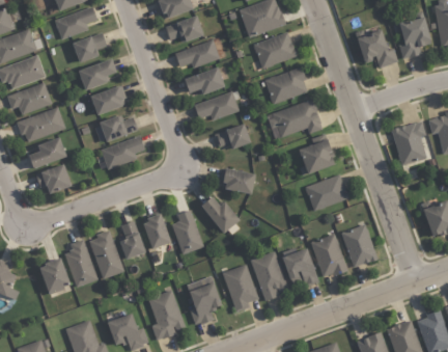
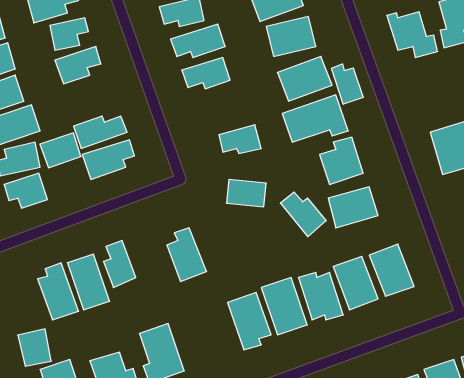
building: none -> [331,64,363,104]
building: [90,85,124,114] -> [40,133,81,168]
building: [194,91,239,120] -> none
building: [201,196,240,234] -> [280,192,326,237]
building: [141,212,171,248] -> none
building: [40,260,68,291] -> [18,329,51,366]
building: [187,276,221,325] -> none

